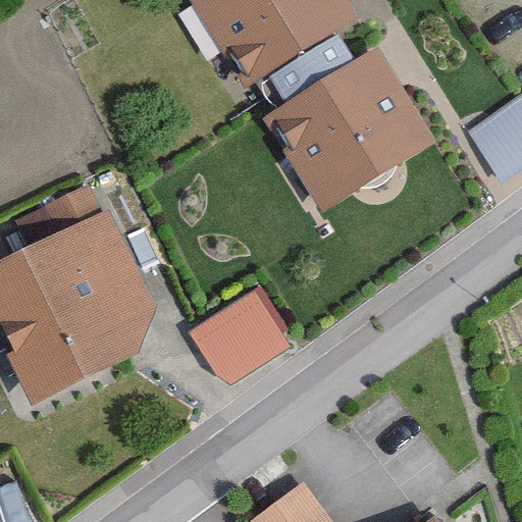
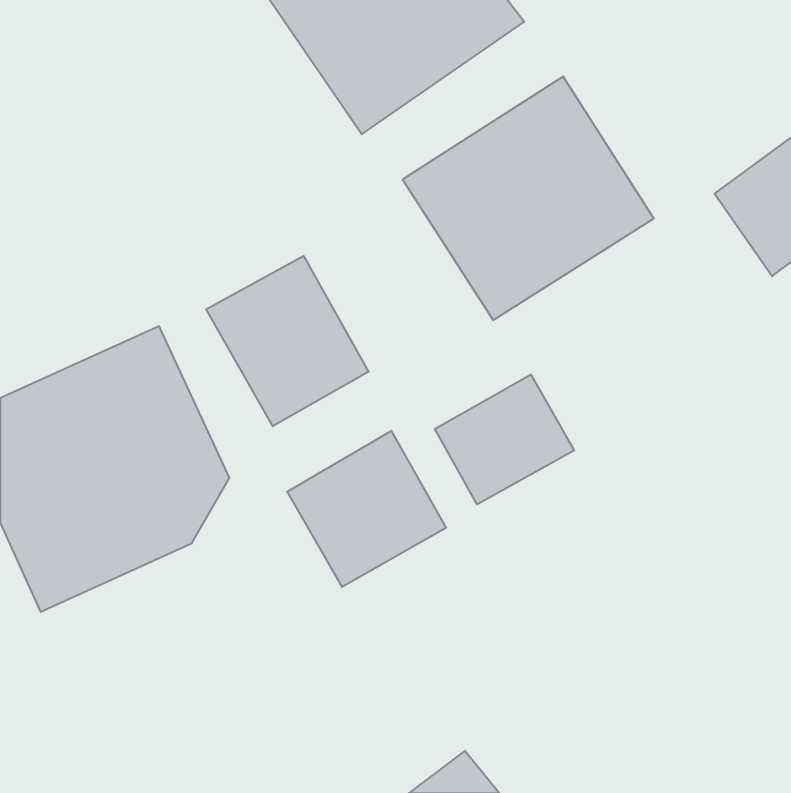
building: none -> [206,256,369,426]
building: none -> [435,374,574,504]

